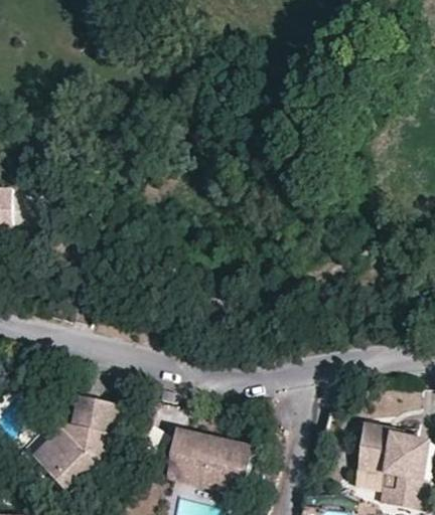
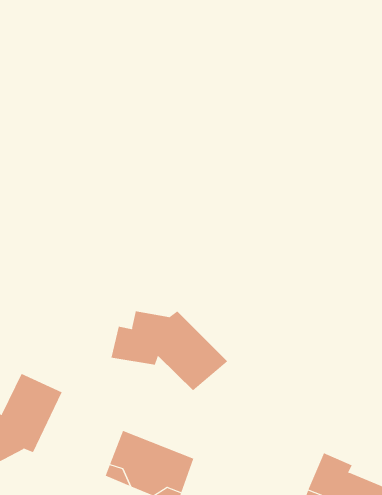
building: none -> [111,310,228,391]

